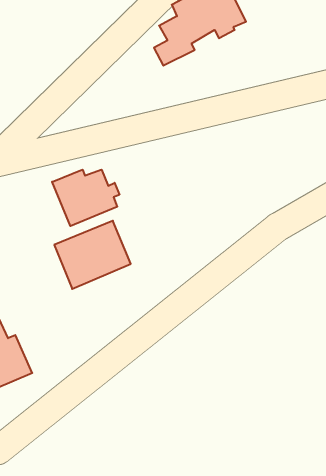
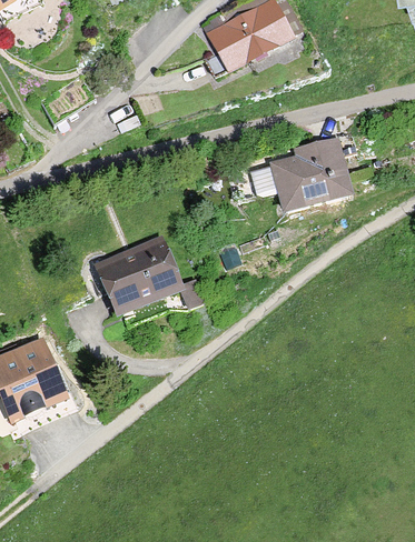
building: none -> [249,139,348,210]
building: [52,170,119,226] -> none

